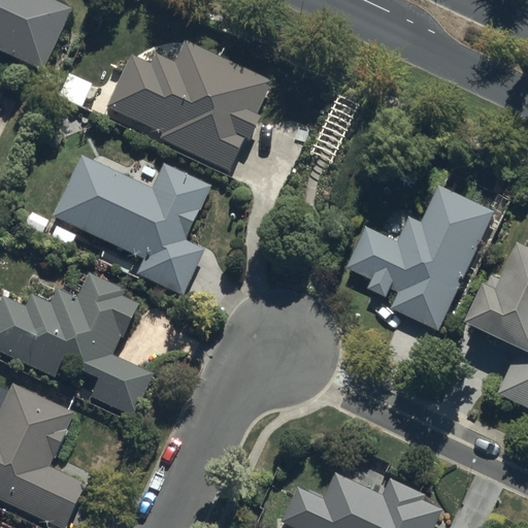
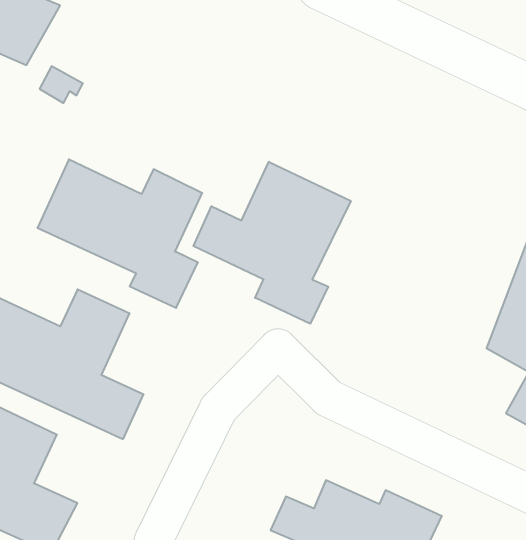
building: [105,41,273,168] -> none
building: none -> [193,162,351,324]
building: [351,180,496,328] -> none

